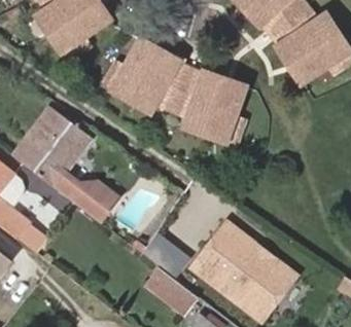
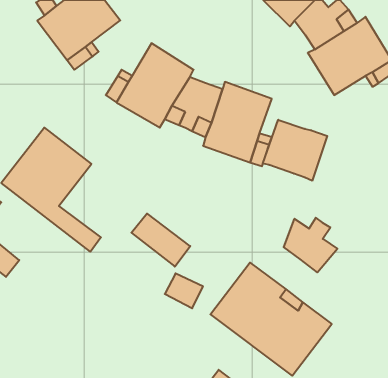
building: none -> [263,120,327,181]
building: none -> [284,218,337,272]
building: [146,269,197,315] -> [131,214,190,267]

